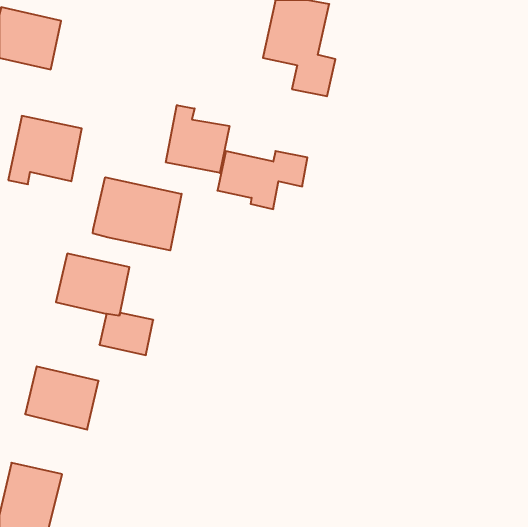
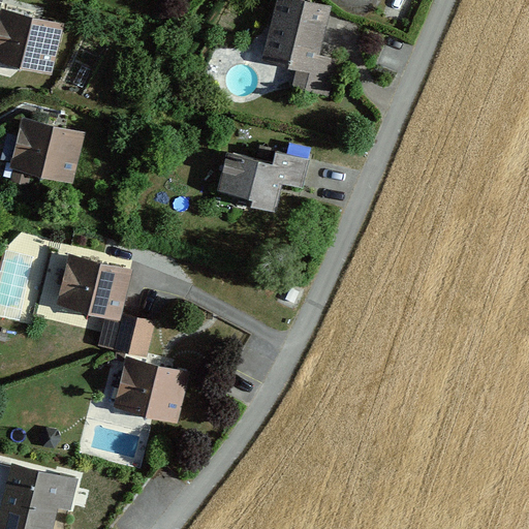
building: [166,105,229,173] -> none
building: [93,177,182,250] -> none
building: [25,366,99,430] -> [114,359,187,422]

